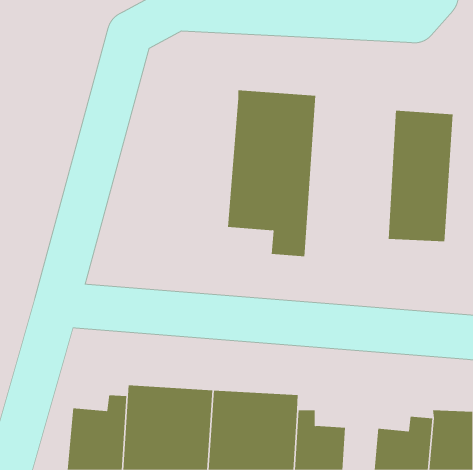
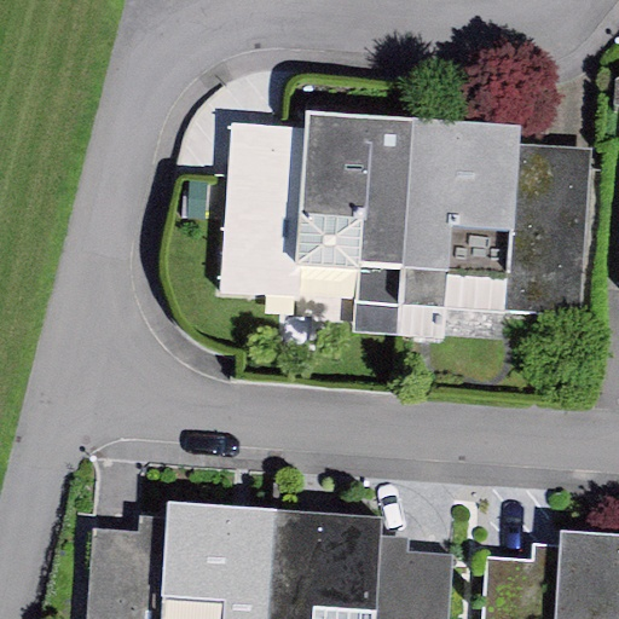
building: none -> [220,122,310,296]
building: none -> [398,125,516,337]

